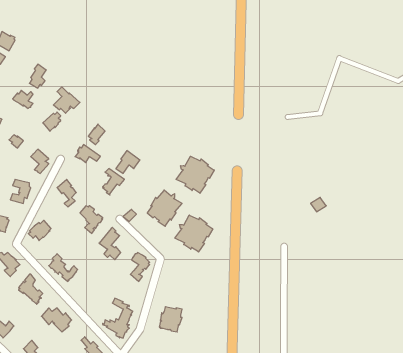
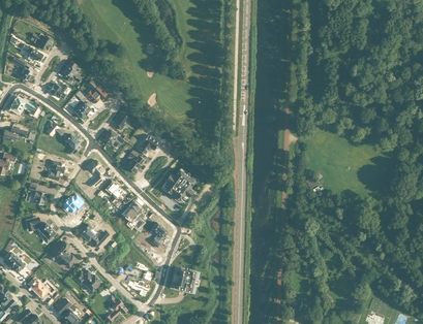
building: [176,156,214,193] -> none
building: [175,215,213,252] -> none

